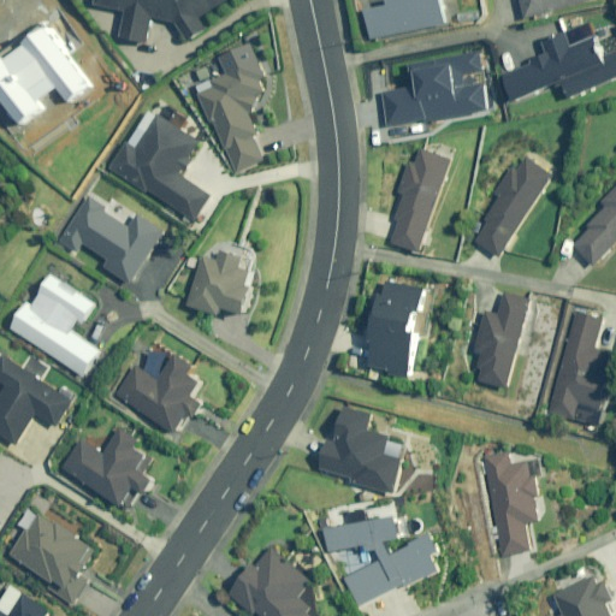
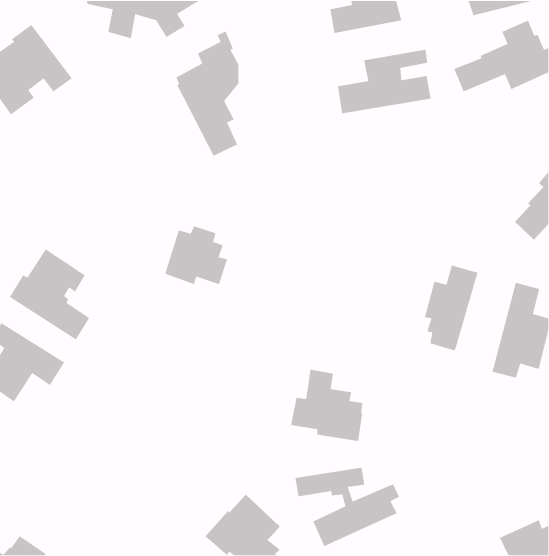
building: [106,112,213,223] -> none
building: [390,150,449,253] -> none
building: [472,156,550,257] -> none
building: [58,200,164,284] -> none
building: [367,282,432,378] -> none
building: [114,354,206,434] -> none
building: [60,426,158,508] -> none
building: [479,451,538,556] -> none
building: [8,508,94,604] -> none

